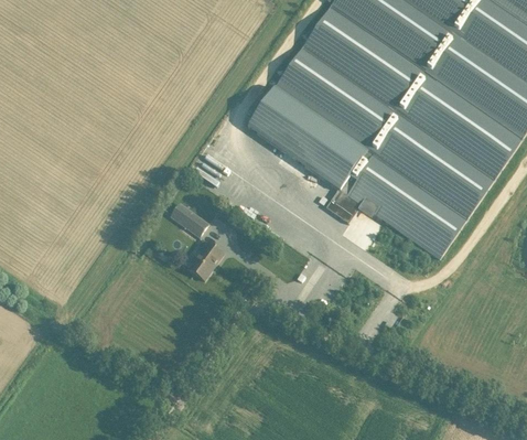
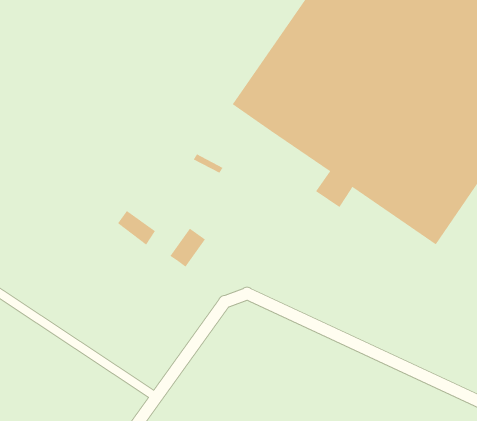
building: [170,202,206,235] -> [117,210,156,245]

